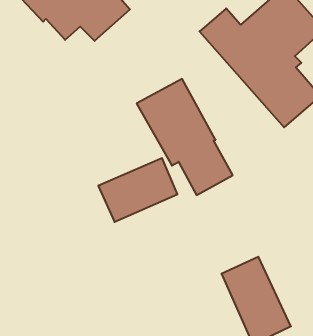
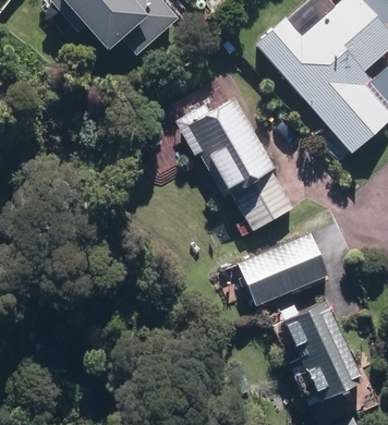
building: [98,158,177,222] -> [239,232,329,305]

